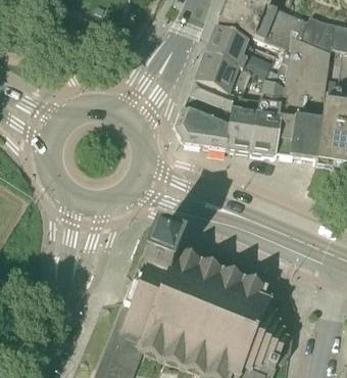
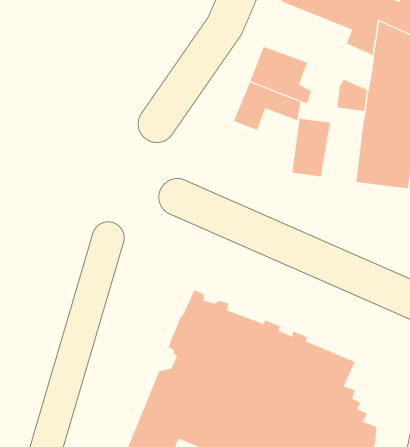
building: [205,26,270,78] -> none
building: [176,101,232,149] -> none
building: [249,111,280,156] -> none

